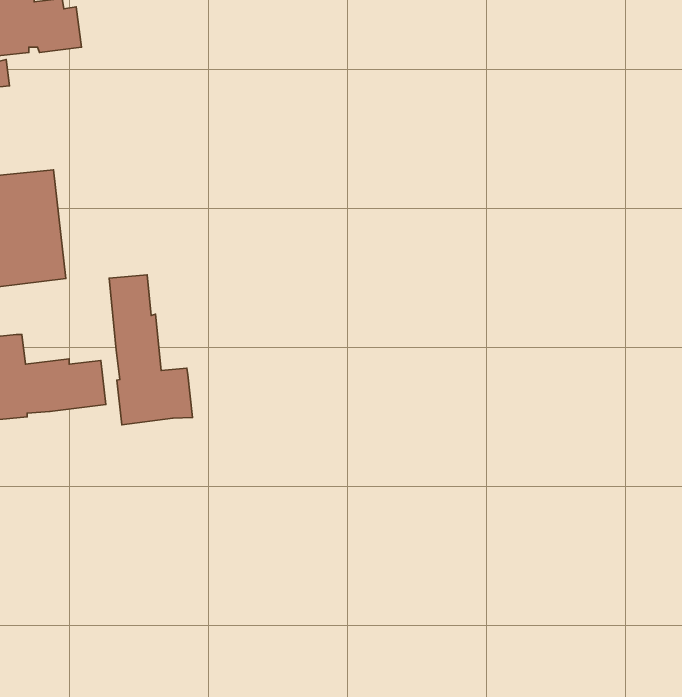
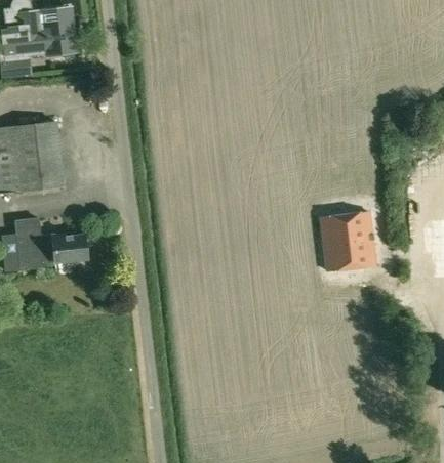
building: [109,275,192,425] -> none
building: none -> [327,215,382,273]

